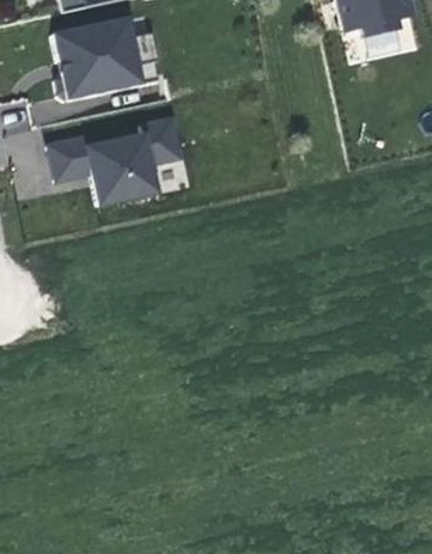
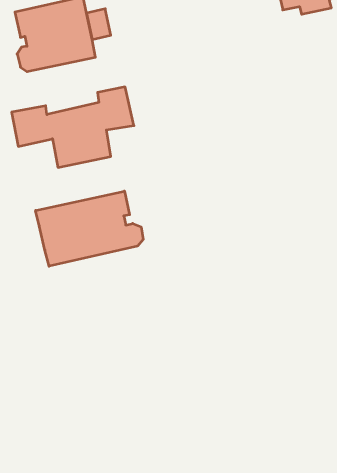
building: none -> [36,191,143,266]

